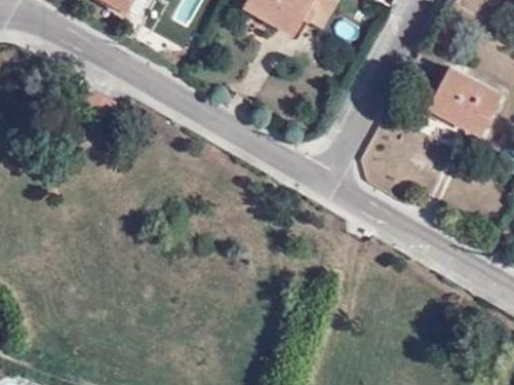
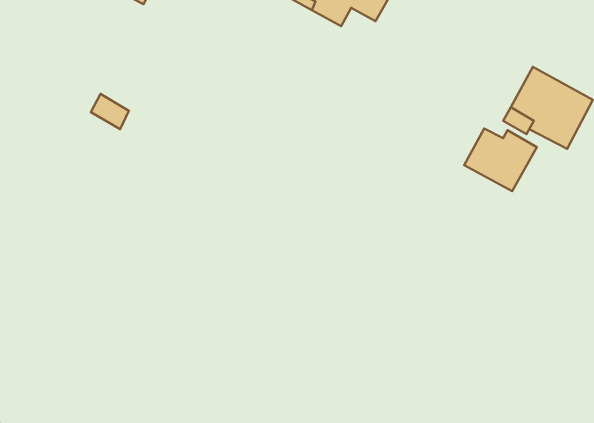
building: none -> [464,129,537,191]

